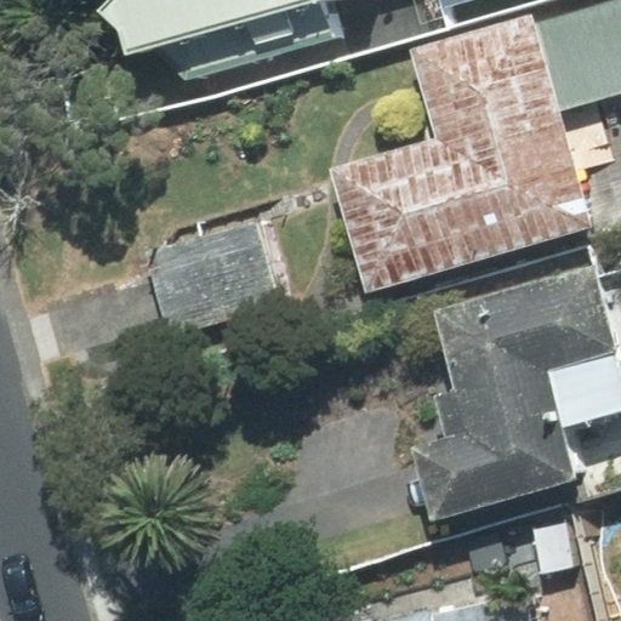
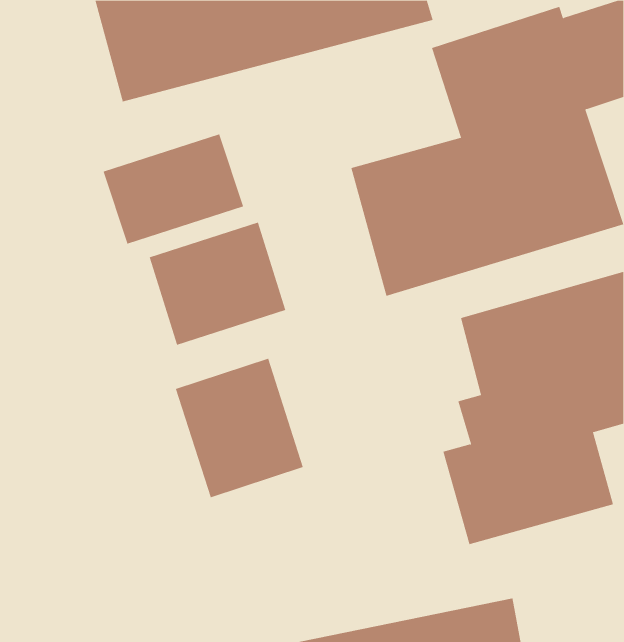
building: none -> [103,134,244,245]
building: none -> [175,358,304,498]

